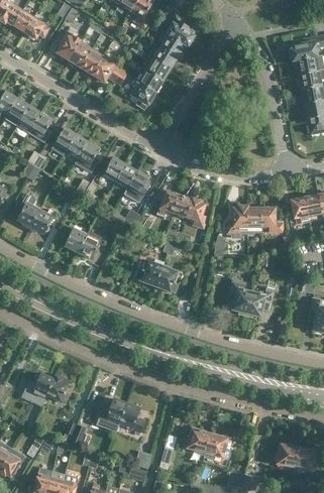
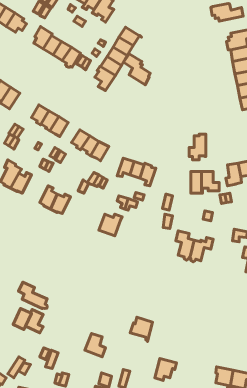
building: none -> [211,4,243,21]
building: [161,8,194,45] -> [123,54,150,85]
building: [28,113,52,142] -> none
building: [227,206,247,237] -> [189,134,206,160]
building: [155,266,178,292] -> none
building: none -> [19,282,47,309]
building: [99,398,127,423] -> none
building: [183,427,210,457] -> [130,317,153,341]

